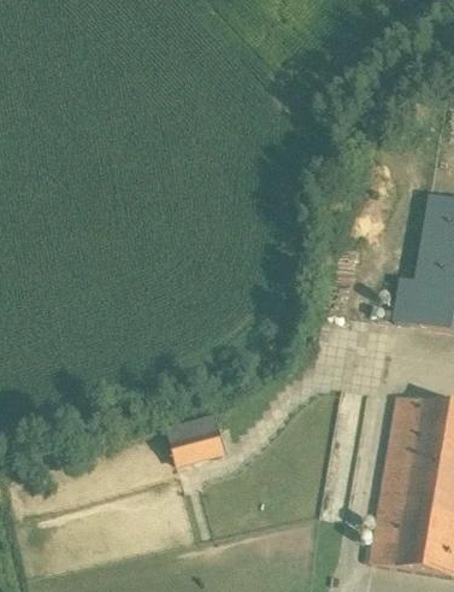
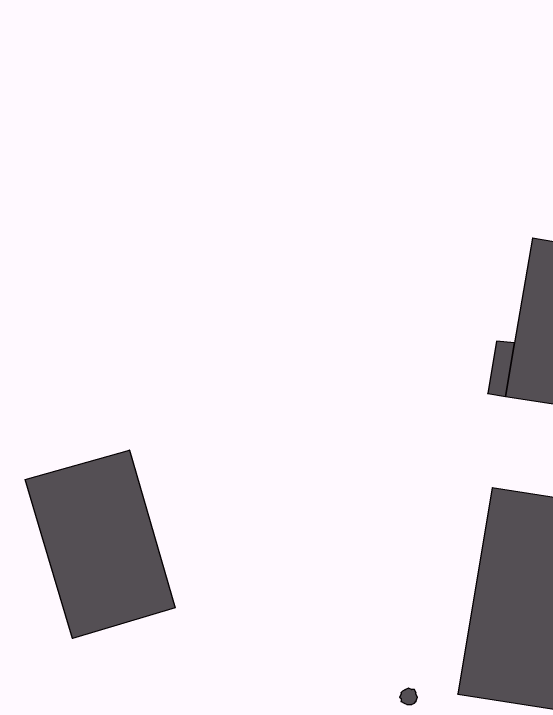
building: none -> [25,450,175,638]
building: [167,418,218,461] -> none

